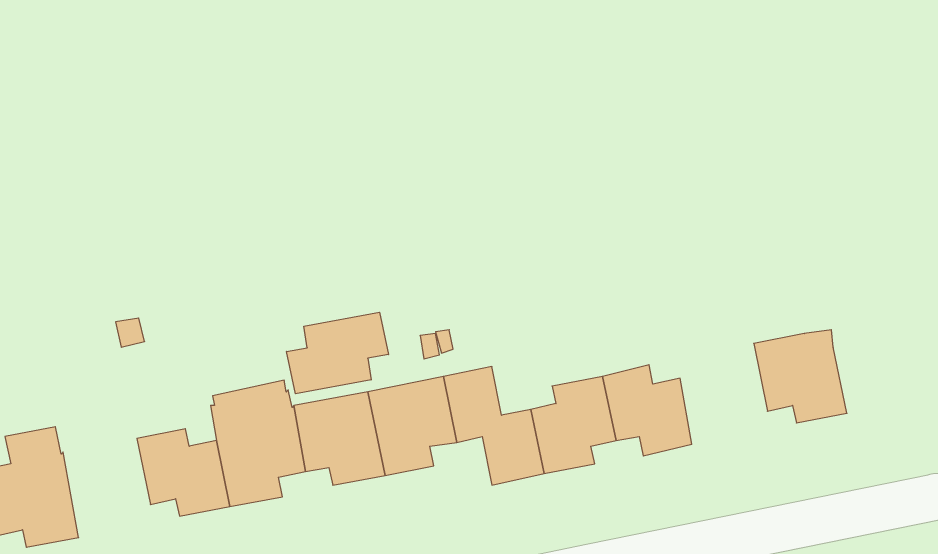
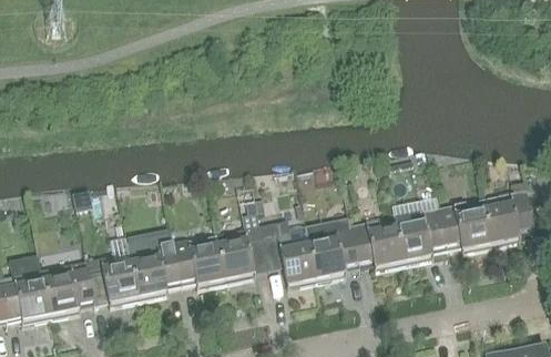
building: [287,312,388,394] -> none
building: none -> [480,190,532,247]
building: none -> [394,207,443,265]
building: none -> [41,262,91,318]

